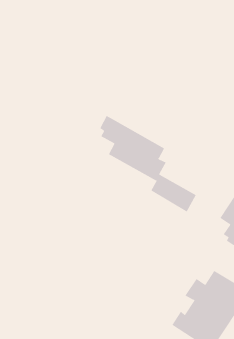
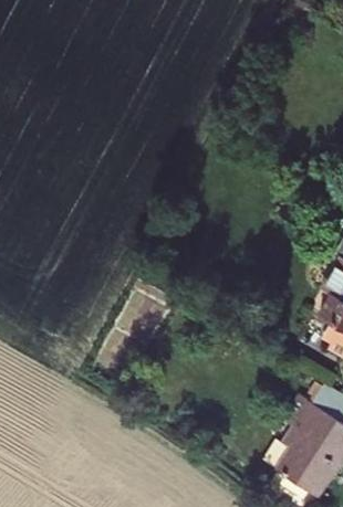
building: [100,115,196,213] -> none

